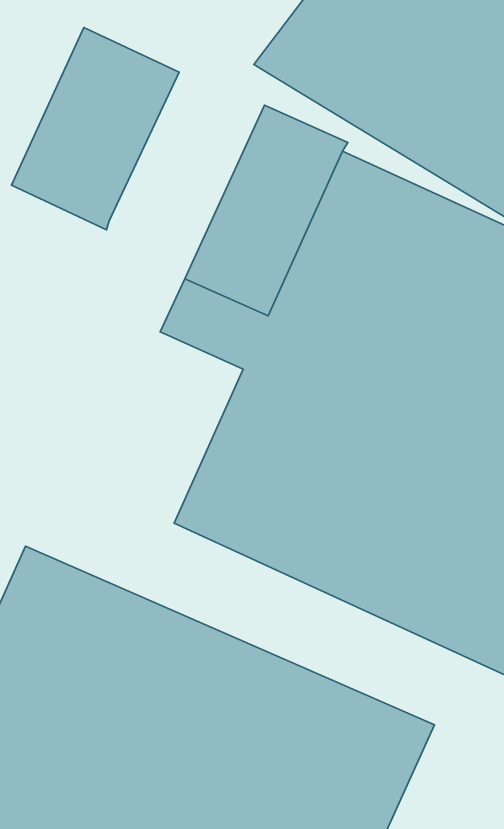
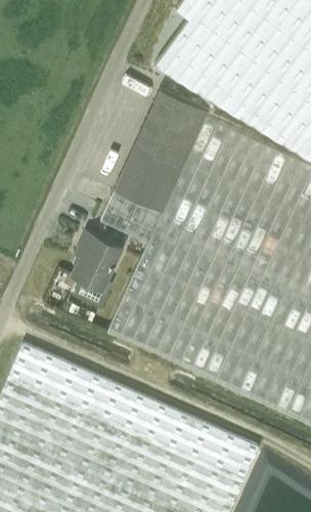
building: [11,27,179,230] -> none
building: none -> [72,230,123,290]

